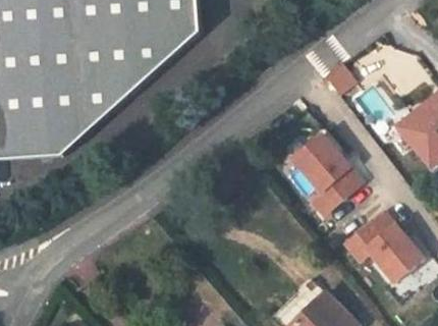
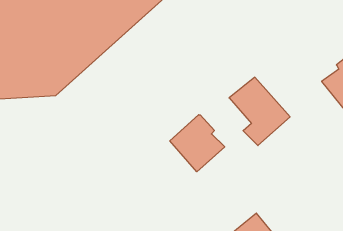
building: none -> [170,115,225,172]
building: [339,203,422,274] -> none

